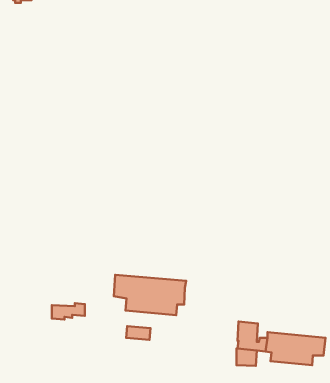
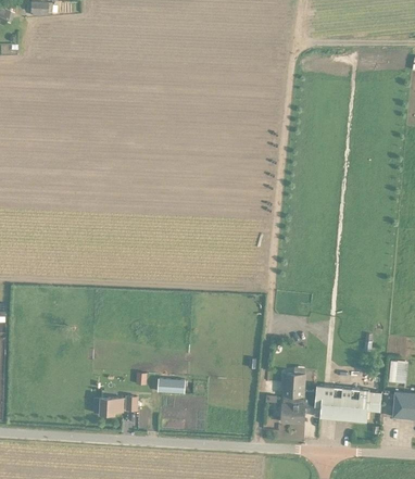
building: [114,275,186,315] -> none
building: [52,303,85,320] -> [99,395,136,414]

